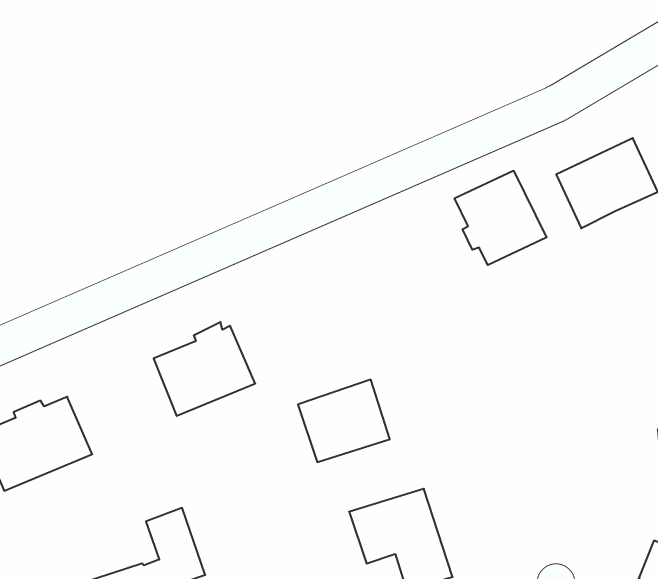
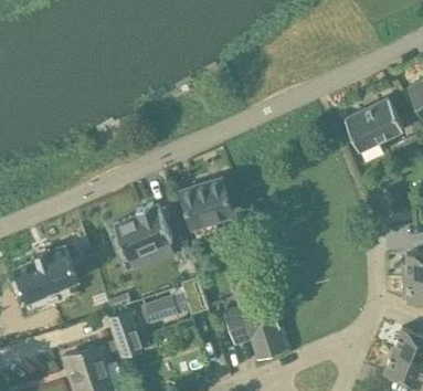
building: [455,171,547,265] -> none
building: [298,380,390,462] -> [181,179,234,226]
building: none -> [140,295,176,326]

